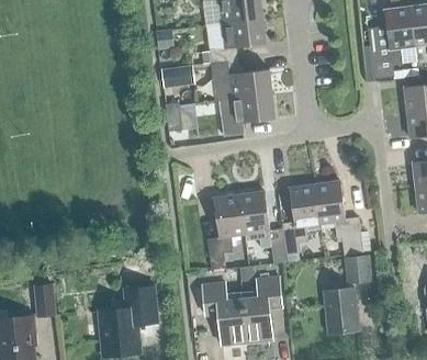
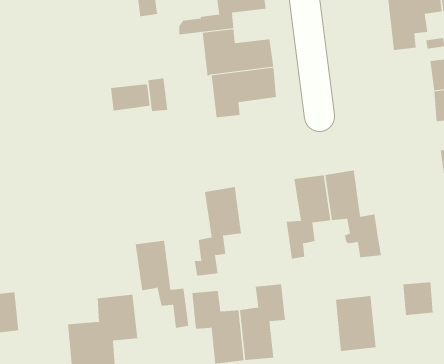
building: [160,65,194,88] -> [110,84,150,111]
building: [239,190,285,265] -> [135,240,189,328]
building: [345,254,371,282] -> [403,282,434,315]

